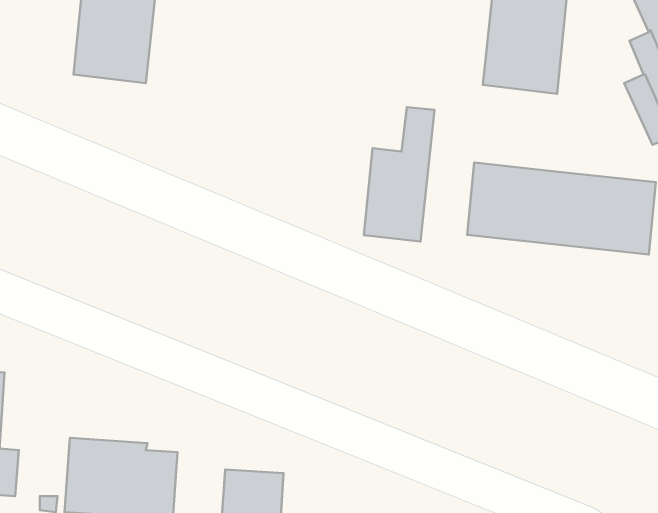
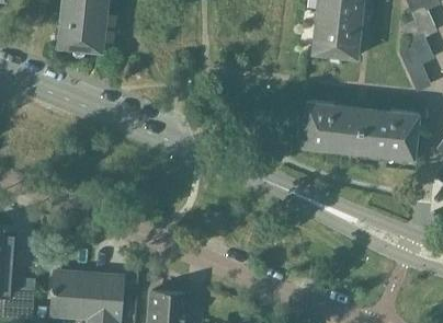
building: [364,107,435,241] -> none

